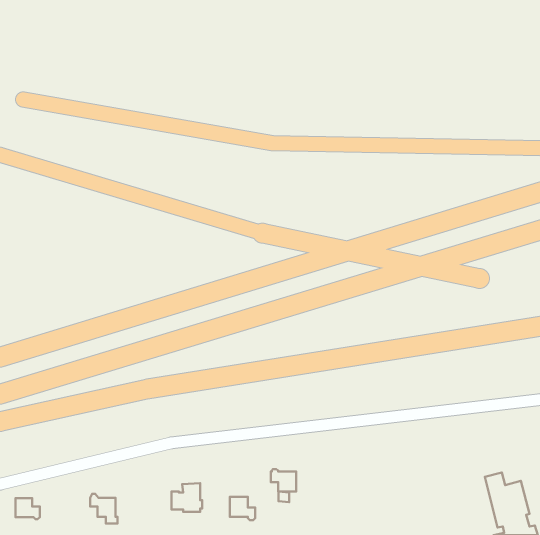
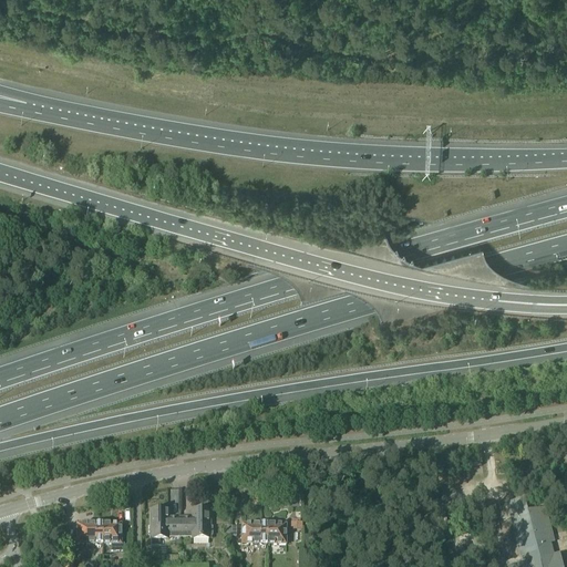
building: [271,469,296,492] -> [260,517,287,540]
building: none -> [148,506,181,535]
building: [15,498,40,519] -> [78,520,103,543]

